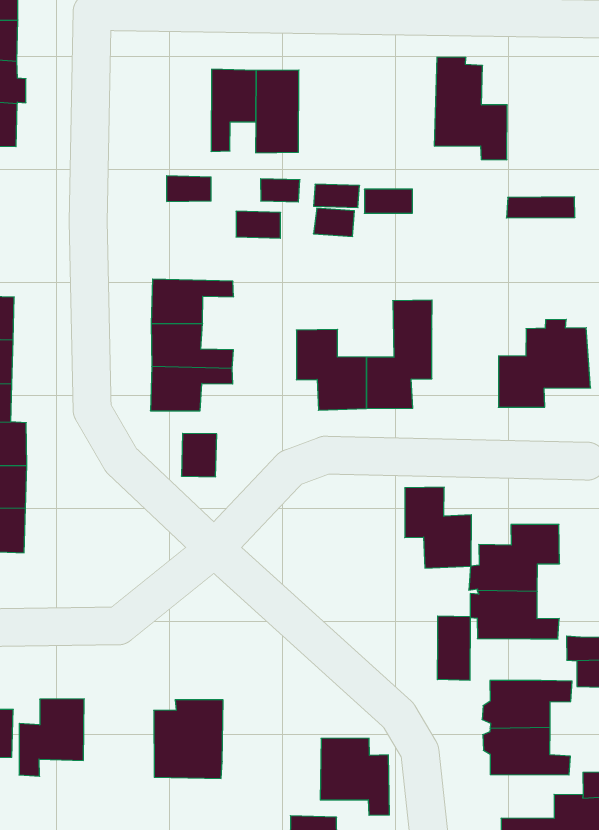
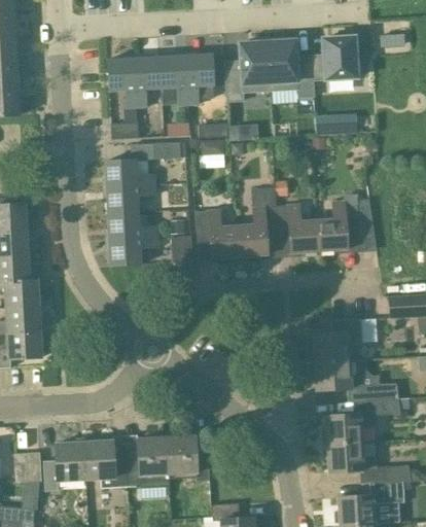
building: none -> [225,41,270,105]
building: none -> [312,36,361,79]
building: none -> [107,58,136,108]
building: none -> [185,54,215,104]
building: none -> [104,159,154,186]
building: [181,433,217,477] -> [171,235,192,261]
building: [405,487,471,568] -> [276,203,319,252]
building: [437,616,470,680] -> none
building: none -> [82,440,128,488]
building: [320,738,389,815] -> [166,434,210,481]

